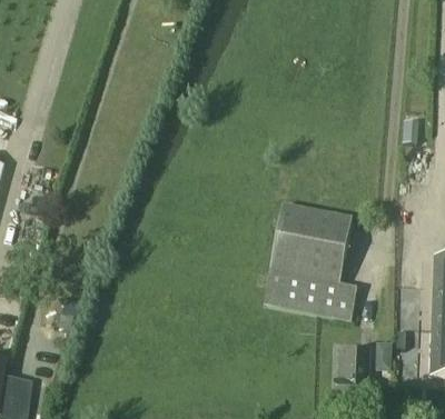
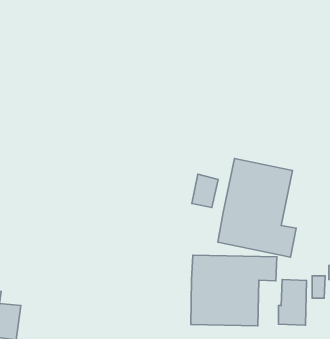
building: none -> [192,174,218,207]
building: none -> [191,255,277,326]

